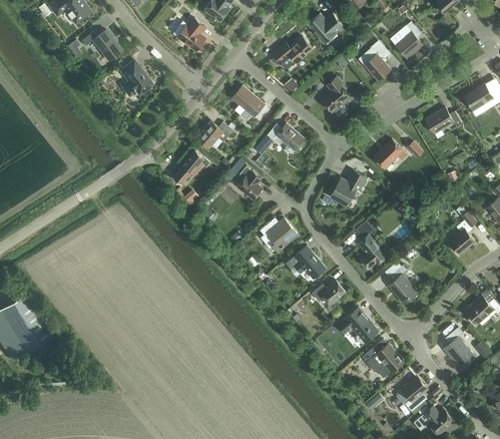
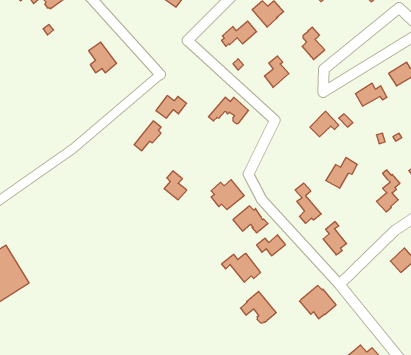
building: [176,17,204,50] -> none
building: [390,21,422,57] -> none
building: [80,29,120,59] -> none
building: [230,84,264,120] -> none
building: [235,165,262,198] -> [164,171,187,200]
building: [330,169,366,204] -> [326,158,357,188]
building: none -> [222,253,261,282]
building: [337,306,378,342] -> [240,291,276,323]
building: [443,327,475,368] -> none
building: [396,376,427,411] -> none

